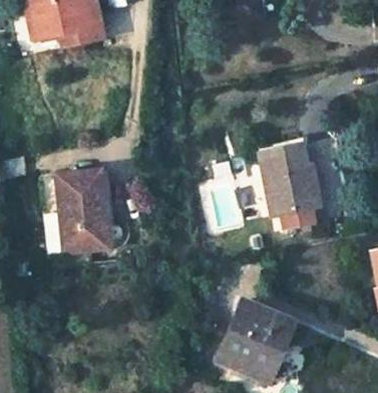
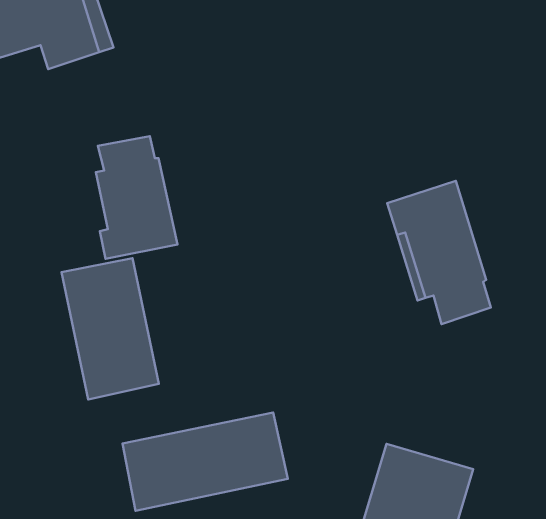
building: none -> [96,136,177,259]
building: none -> [123,412,288,511]

